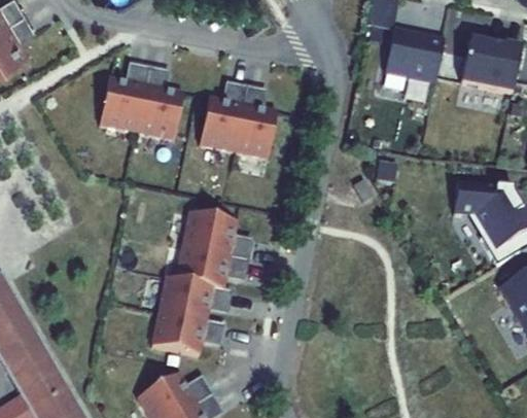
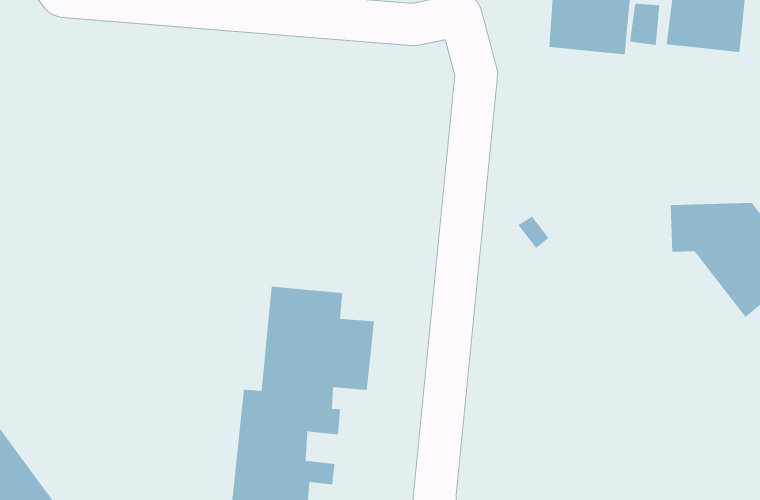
building: [99,62,179,138] -> none
building: [196,82,277,159] -> none

